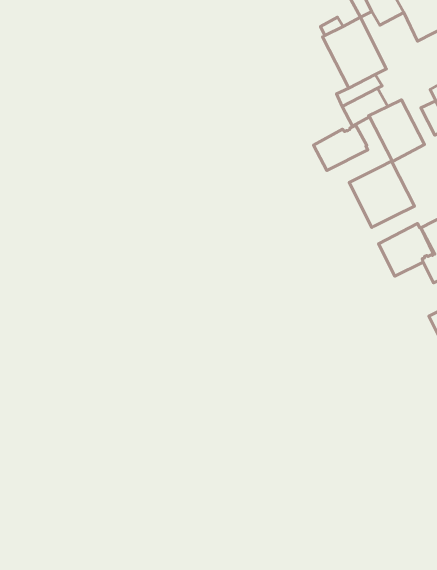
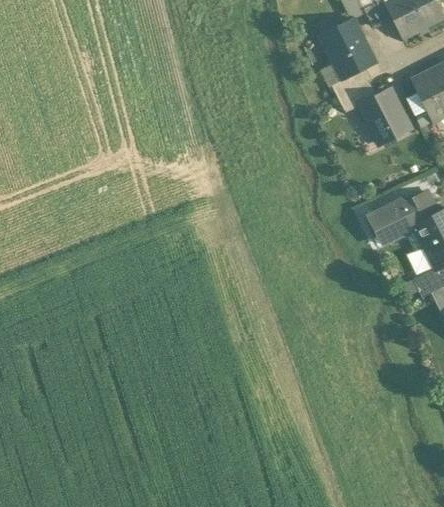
building: [314,125,368,171] -> none
building: [349,161,415,228] -> none

